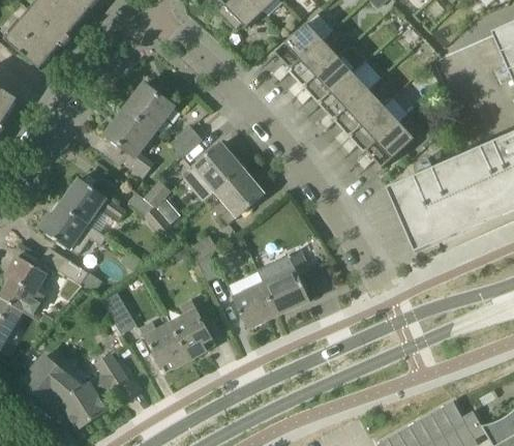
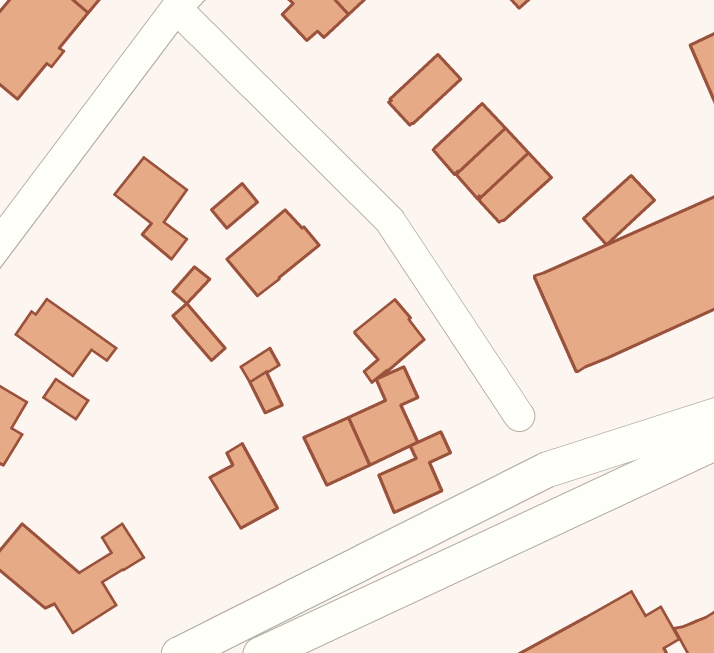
building: [275,21,323,67] -> none
building: [304,43,367,101] -> none
building: [125,81,174,128] -> none
building: [367,120,415,167] -> [584,176,654,245]
building: [216,166,263,221] -> [355,299,424,382]
building: [60,176,125,221] -> none
building: [102,291,135,331] -> none
building: none -> [379,432,451,512]
building: [142,321,190,370] -> none

